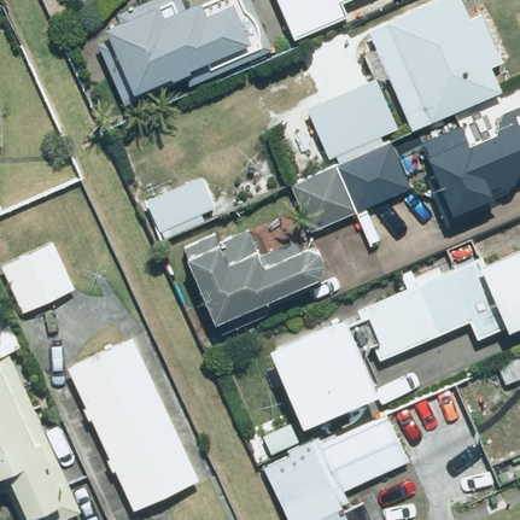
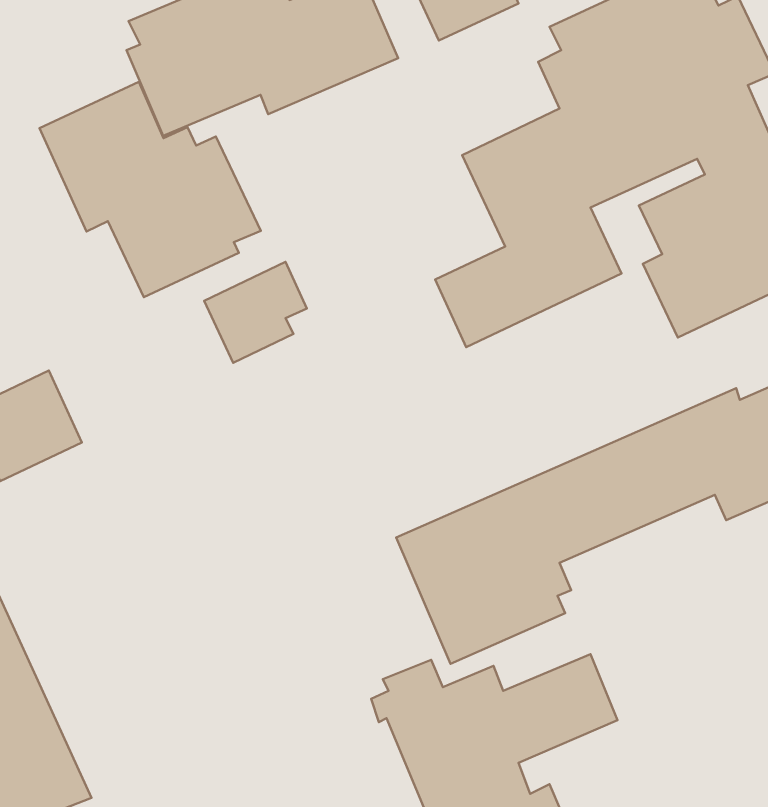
building: none -> [39,82,261,297]
building: [182,233,325,323] -> none
building: [66,331,197,510] -> none

